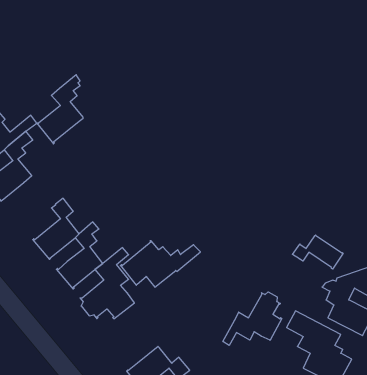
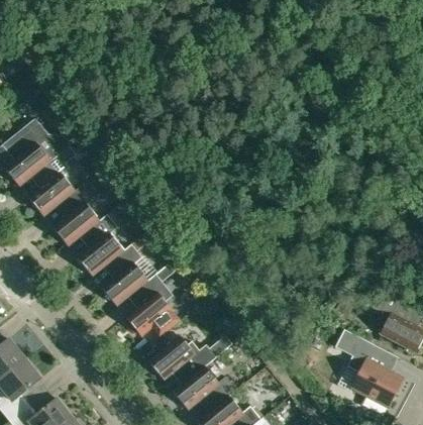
building: [37,75,83,144] -> [51,177,99,247]
building: [292,235,343,269] -> none
building: [120,241,200,287] -> [147,335,229,383]
building: [223,292,282,345] -> none

